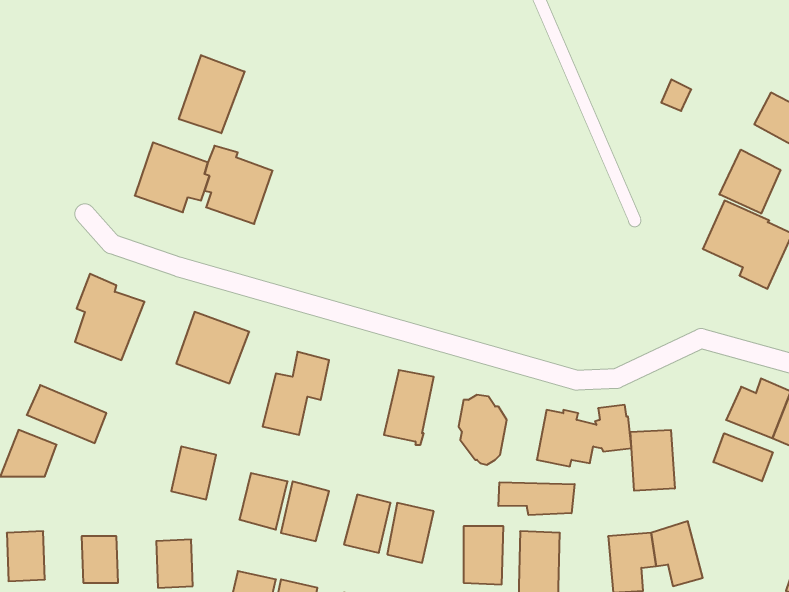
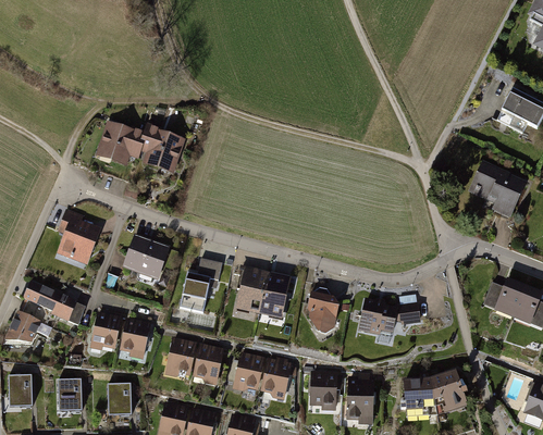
building: [179,55,245,133] -> none
building: [719,150,780,214] -> none
building: none -> [233,264,268,314]
building: [630,430,675,491] -> none
building: [713,433,773,481] -> none
building: none -> [87,314,118,349]
building: [498,482,575,515] -> none

